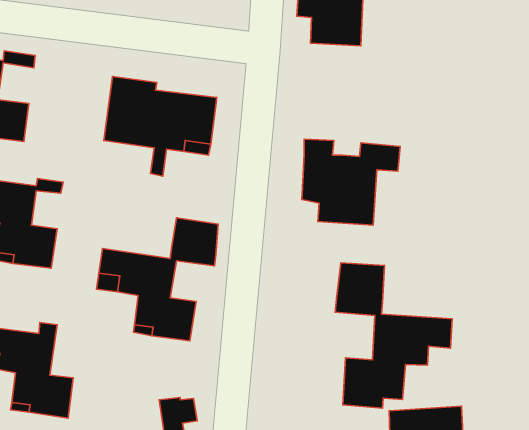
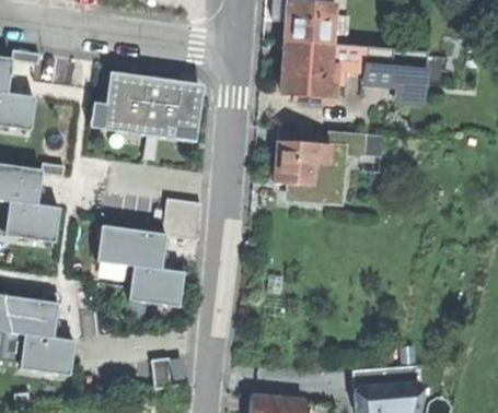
building: none -> [283,43,429,105]
building: [335,263,452,408] -> none

